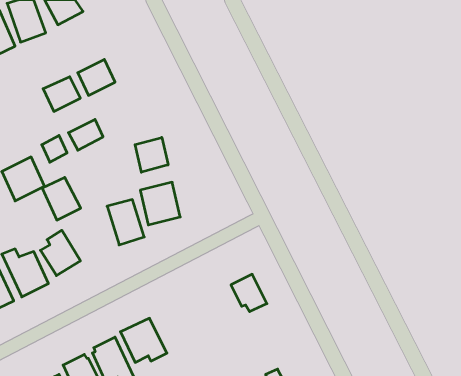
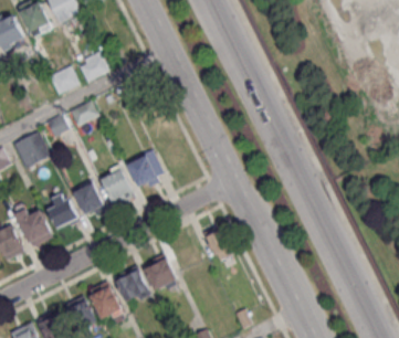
building: [135,137,168,172] -> none
building: [42,177,81,220] -> [73,183,105,219]
building: none -> [144,254,176,291]

